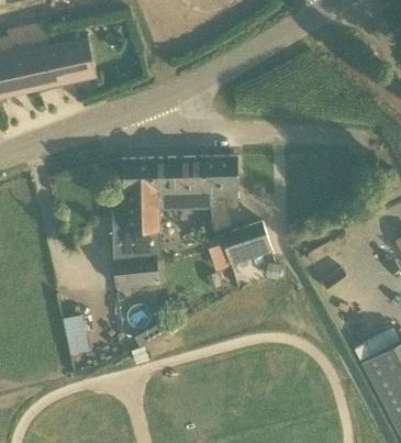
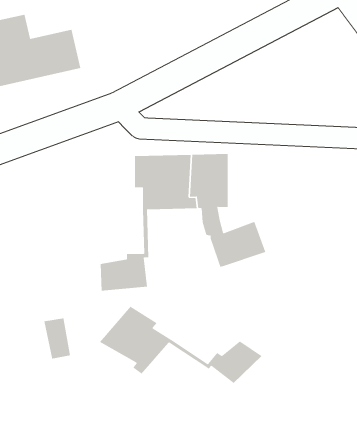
building: [114,159,157,263] -> none
building: none -> [99,306,262,384]

